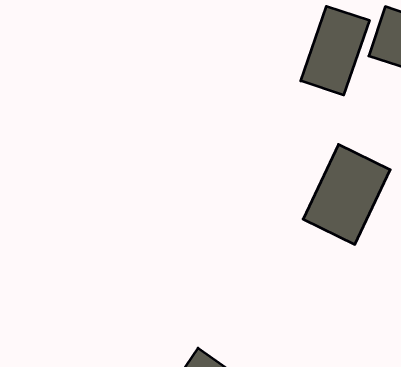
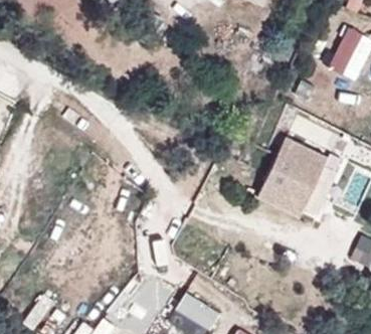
building: [301,6,369,95] -> none

